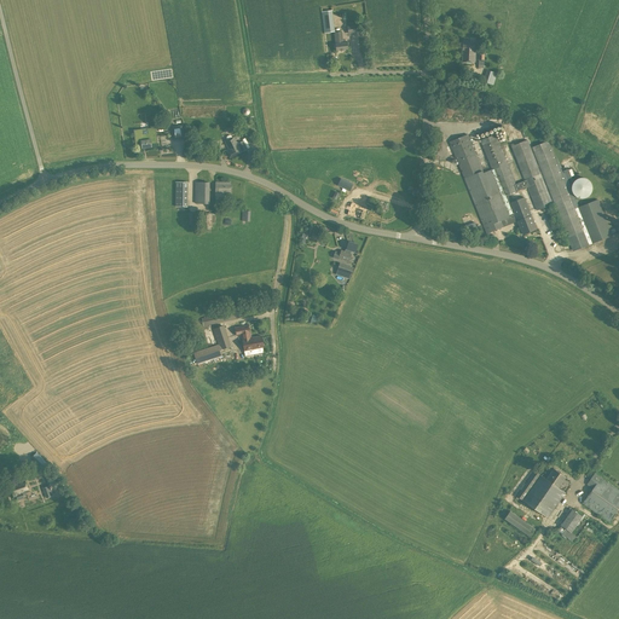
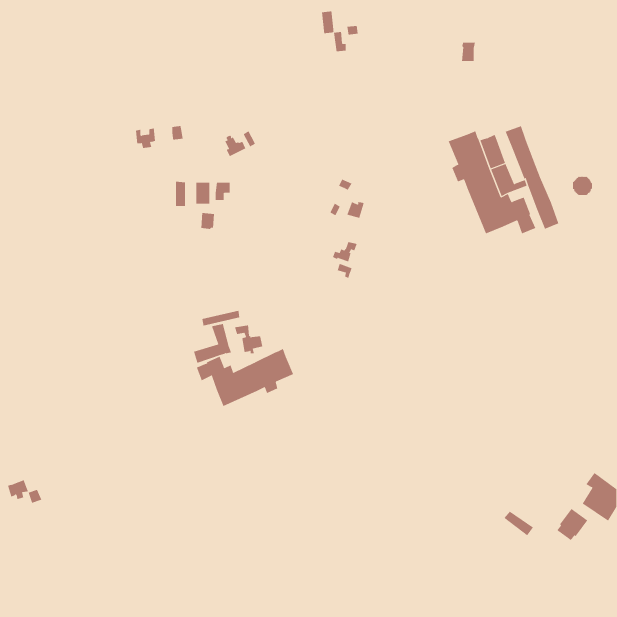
building: [532,140,612,251] -> none
building: none -> [196,348,294,407]
building: [516,469,566,517] -> none

